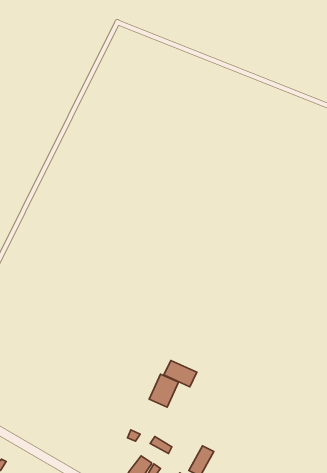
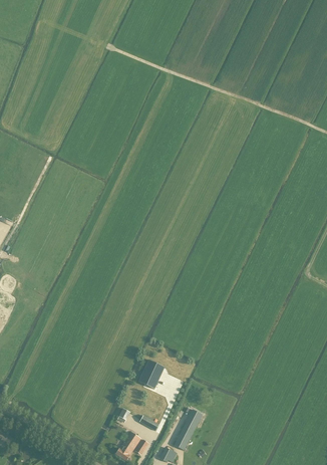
building: [164,360,197,387] -> none

